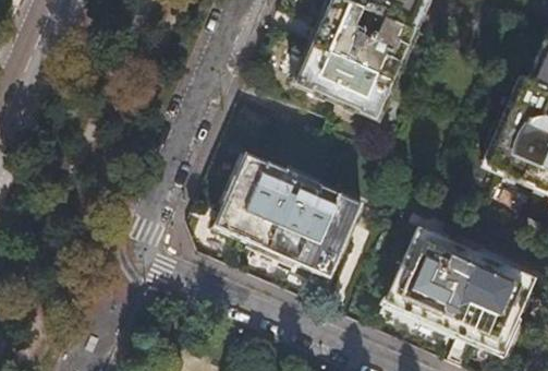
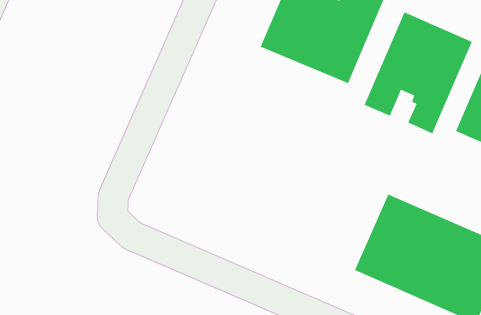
building: none -> [364,11,473,134]
building: [216,149,366,277] -> none

